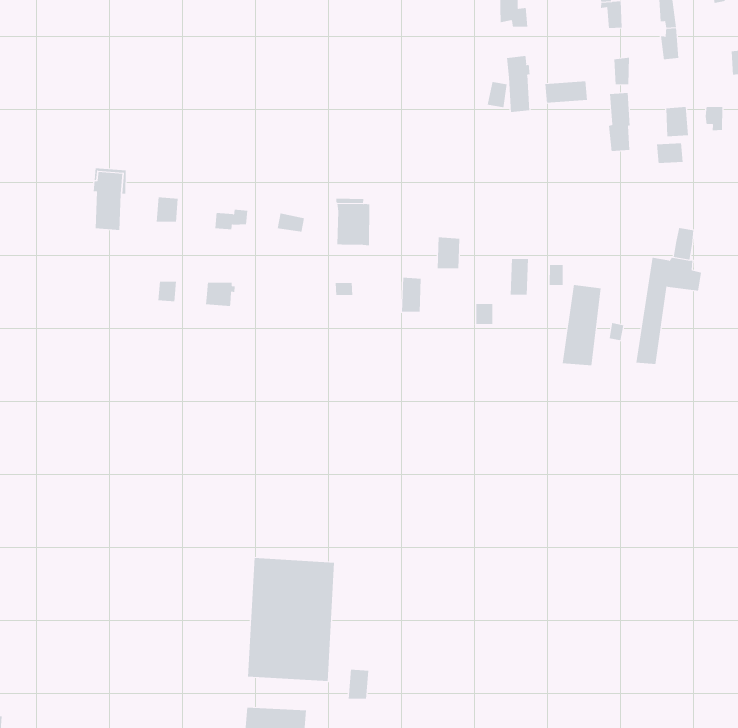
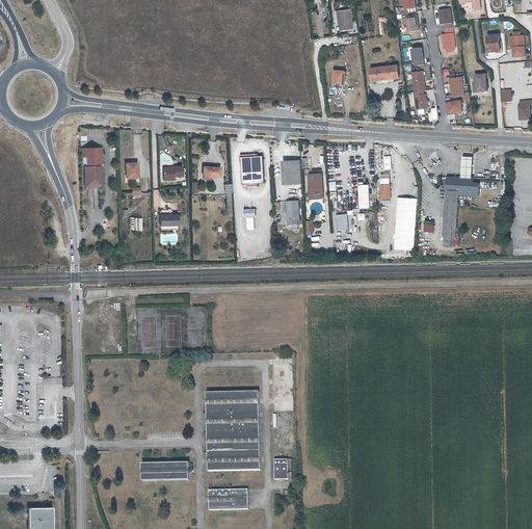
building: [507,55,530,113] -> none
building: none -> [281,160,301,185]
building: none -> [139,461,186,479]

